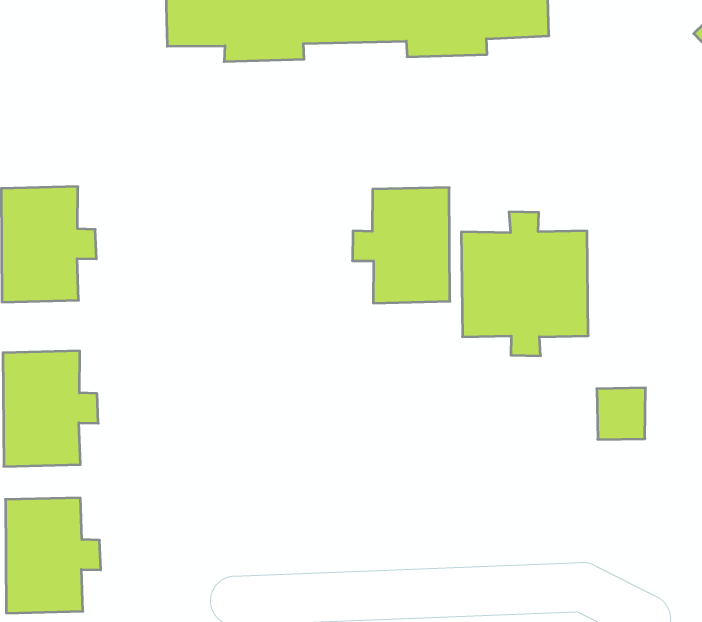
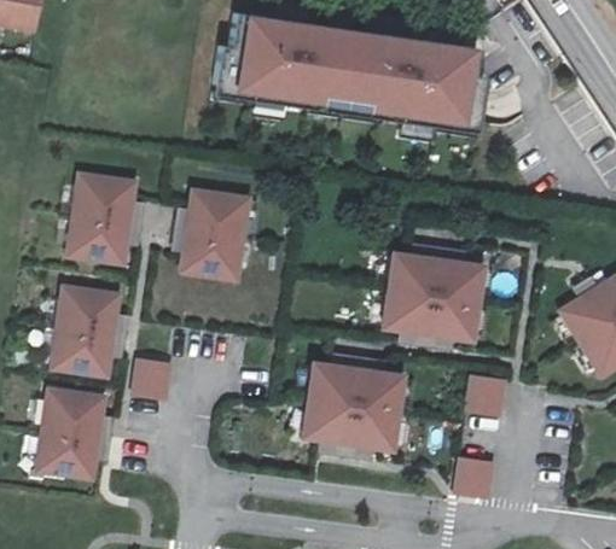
building: [352,188,450,303] -> [174,188,249,274]
building: none -> [302,354,402,455]
building: none -> [133,356,172,396]
building: none -> [454,455,493,495]

